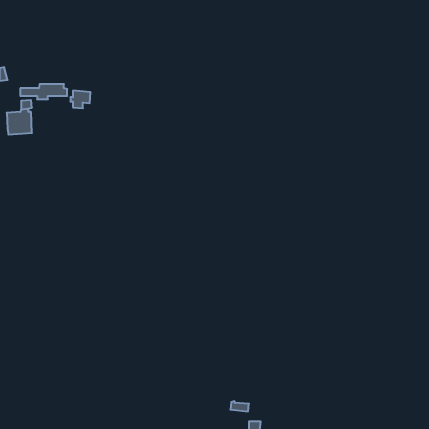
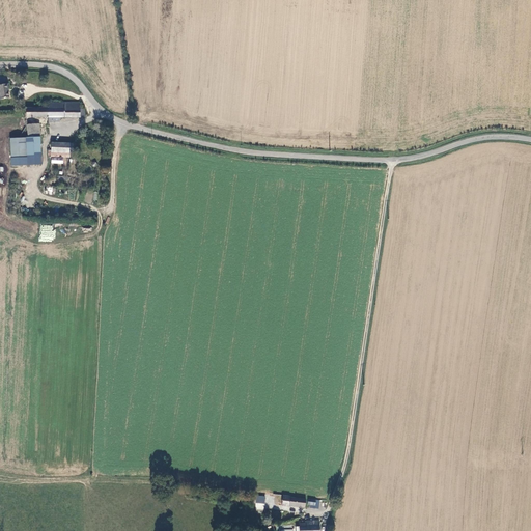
building: [70,91,91,108] -> [47,143,72,165]

